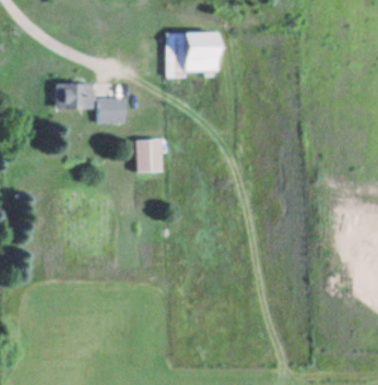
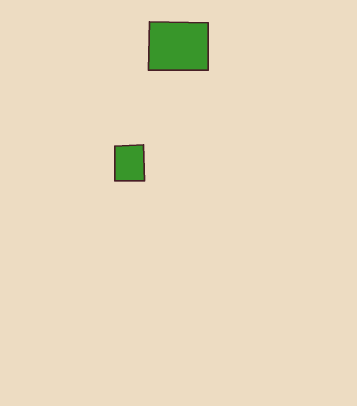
building: [56,84,93,110] -> none
building: [98,98,126,124] -> none

